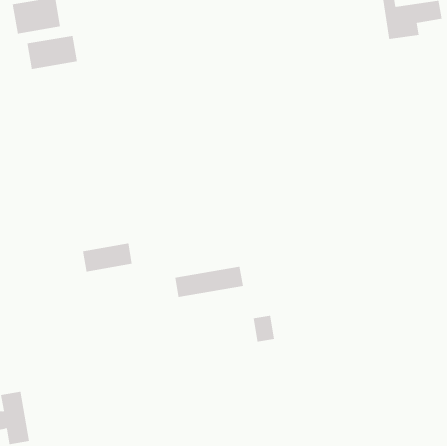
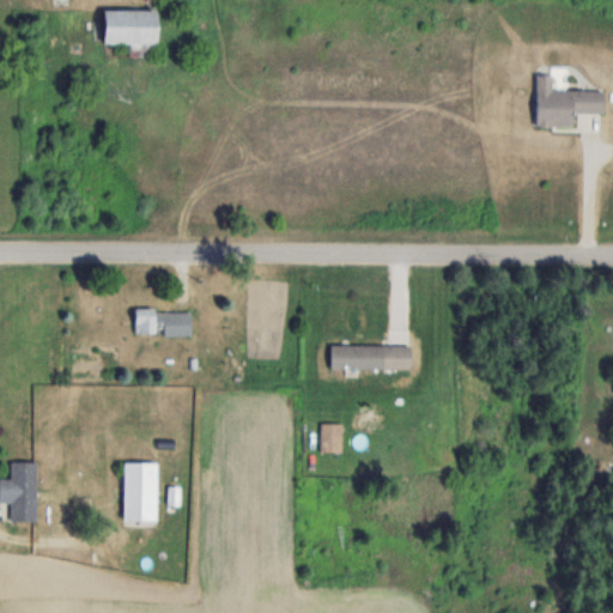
building: [27,35,77,70] -> none
building: [175,266,244,297] -> [330,346,409,370]
building: none -> [123,462,156,521]

